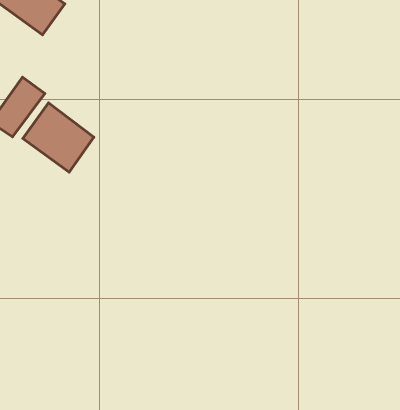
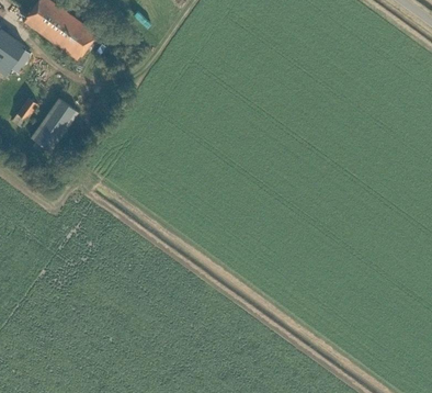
building: [23,103,94,172] -> none

